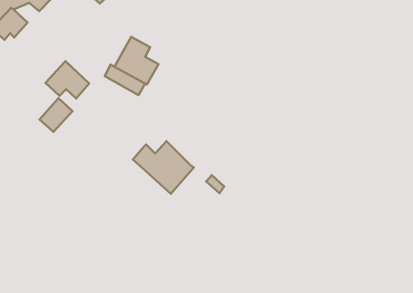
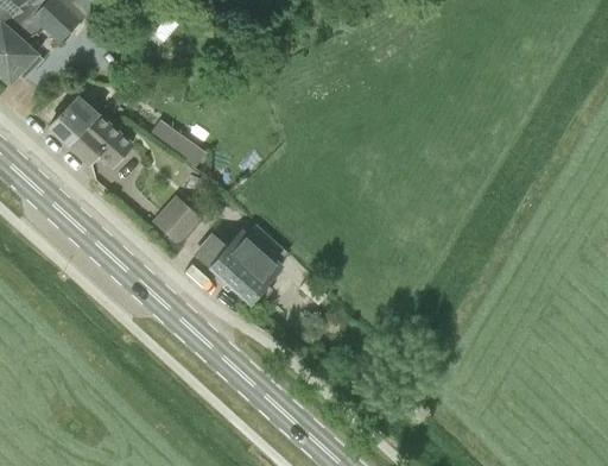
building: [114,37,158,84] -> none
building: [40,98,73,132] -> [48,96,95,145]
building: none -> [156,200,195,240]

